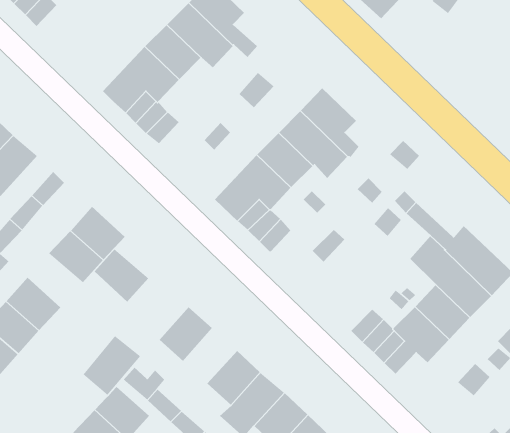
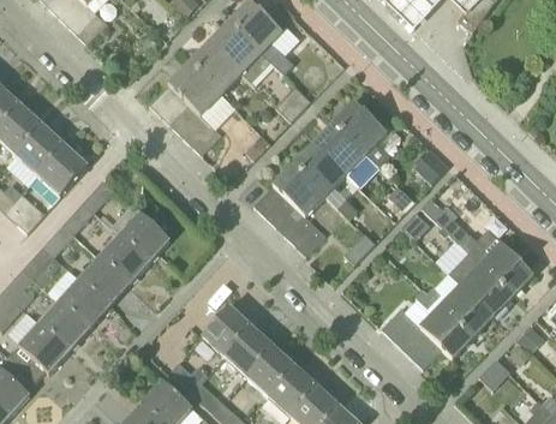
building: [94,248,149,302] -> [79,256,131,306]
building: none -> [225,326,275,377]
building: [83,335,141,396] -> none

